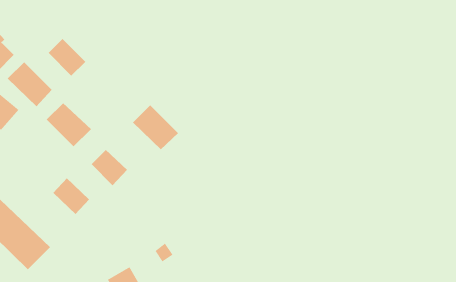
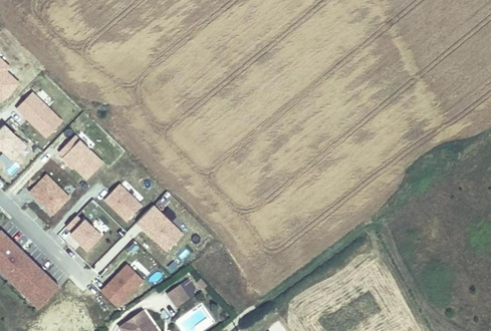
building: [48,38,86,76] -> none
building: [132,104,179,150] -> [135,205,184,253]
building: none -> [27,174,70,217]
building: none -> [103,263,145,303]

